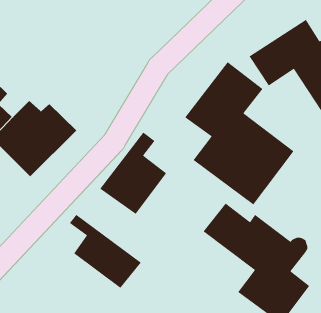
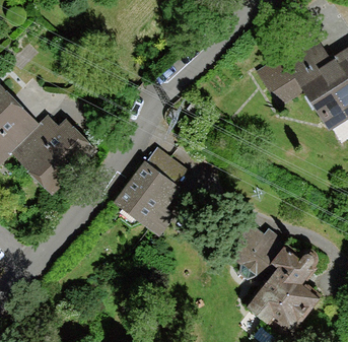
building: [184,61,294,205] -> none
building: [69,214,142,289] -> none

